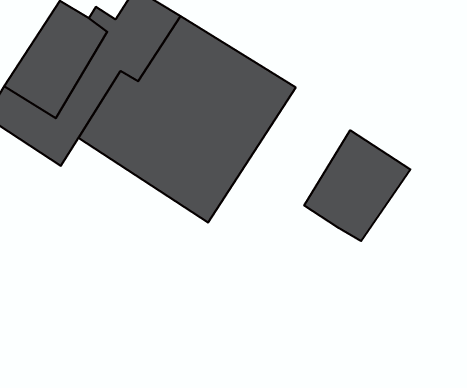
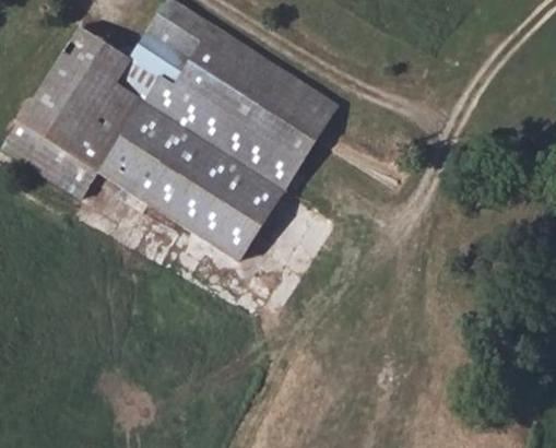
building: [304,130,410,241] -> none

